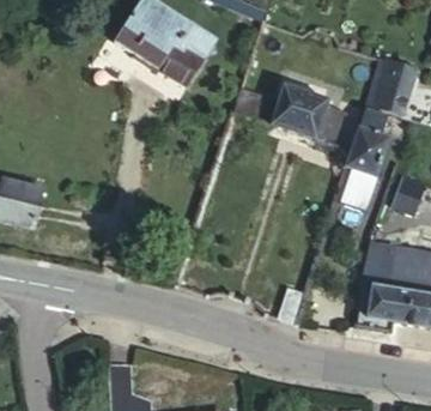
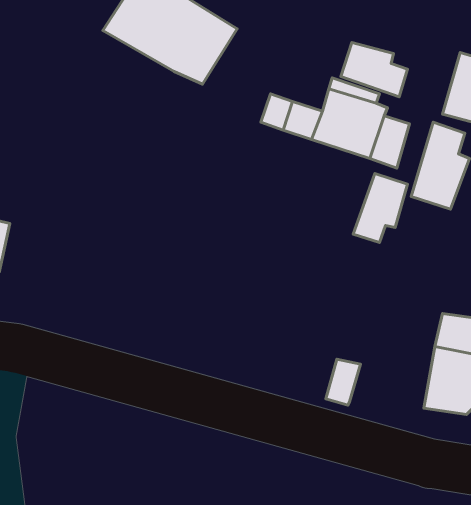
building: none -> [341,42,407,97]
building: none -> [353,173,407,242]

